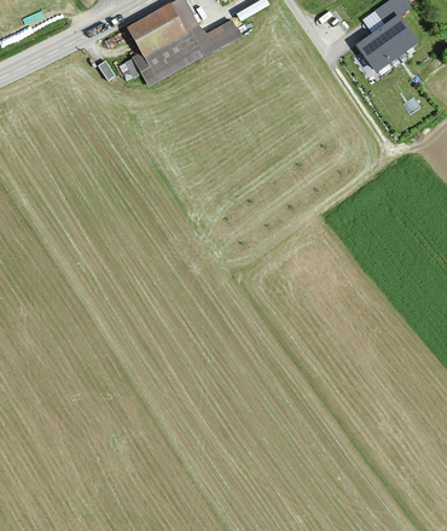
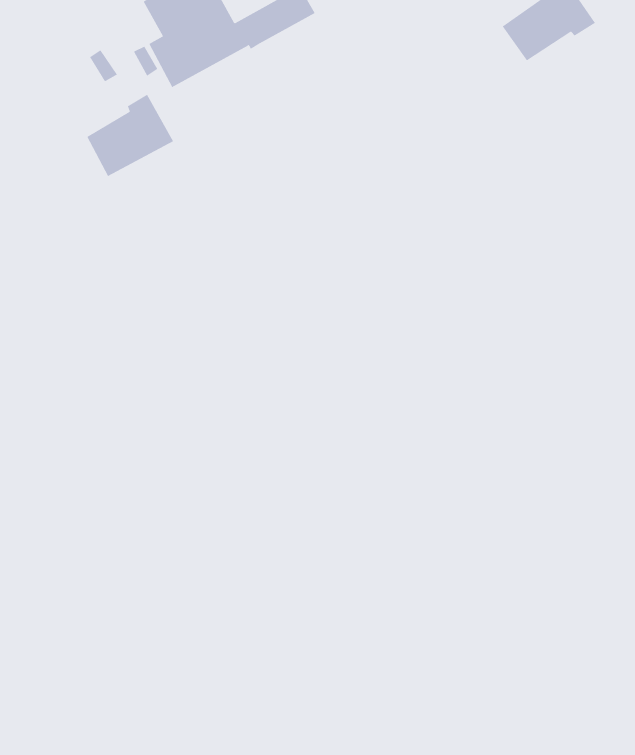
building: none -> [87,94,174,177]

